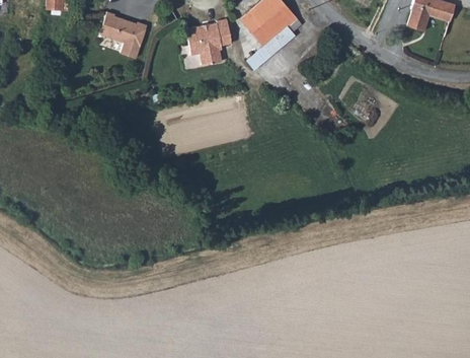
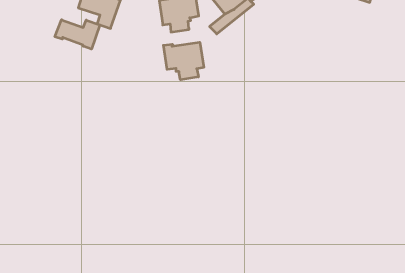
building: none -> [55,20,100,49]
building: none -> [163,42,204,80]

